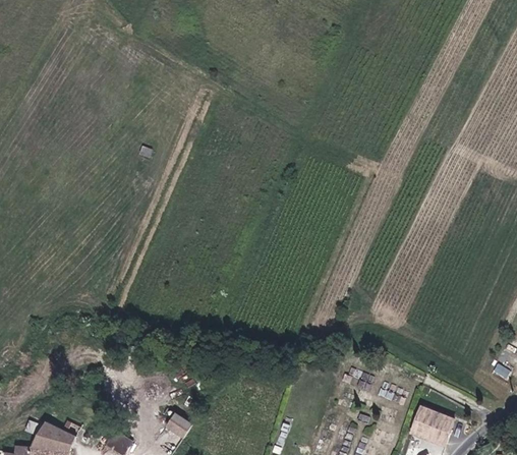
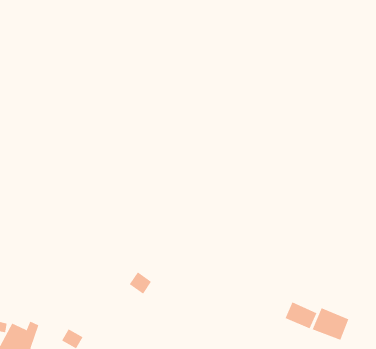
building: none -> [285,301,317,329]
building: [166,411,193,439] -> [129,272,152,295]

